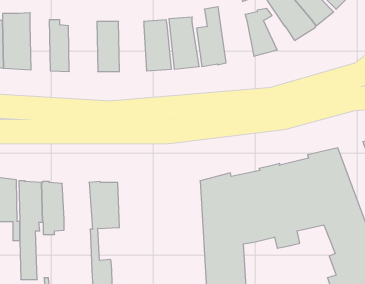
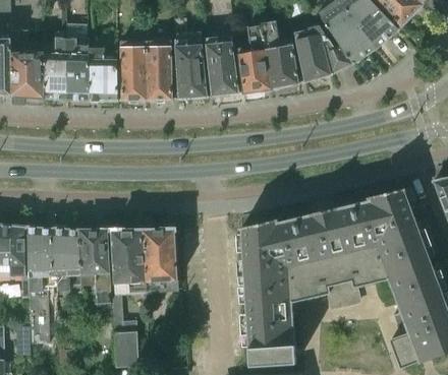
building: none -> [263,21,298,89]
building: none -> [316,34,352,74]
building: none -> [146,38,172,100]
building: none -> [42,39,65,99]
building: none -> [87,46,118,100]
building: none -> [145,229,178,290]
building: none -> [79,230,113,304]

